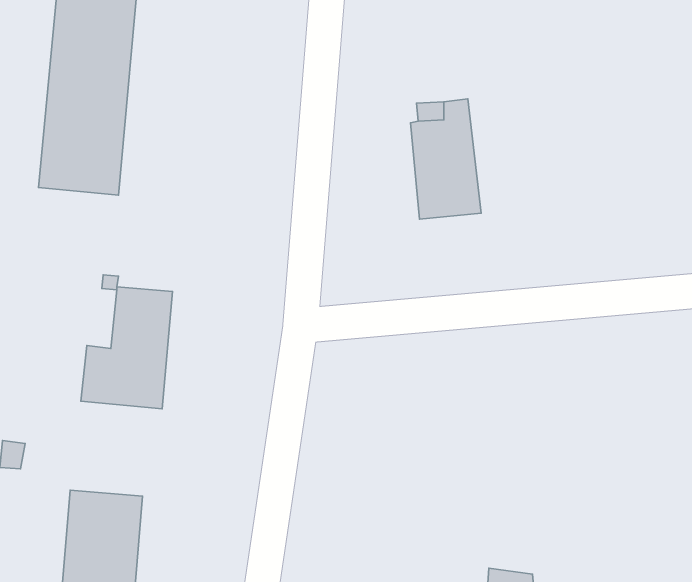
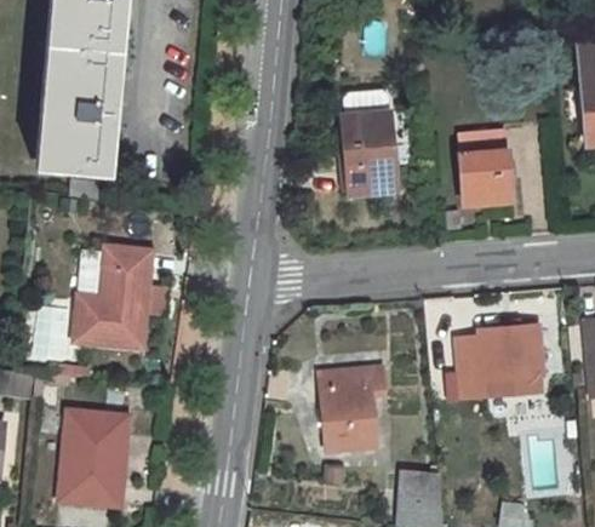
building: none -> [457,127,510,205]
building: none -> [456,325,542,390]
building: none -> [317,366,383,452]

